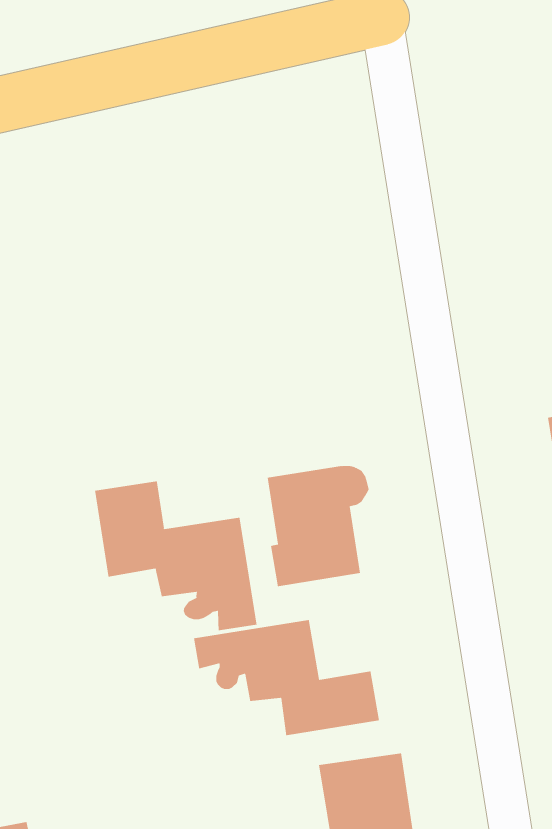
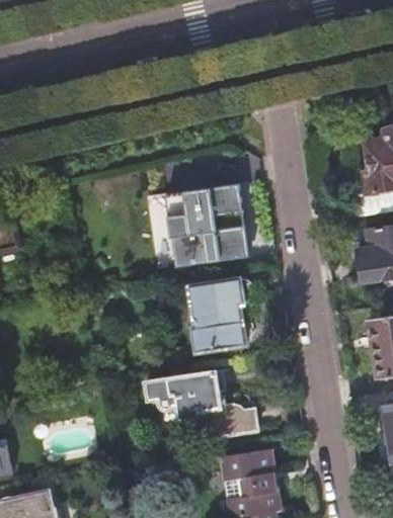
building: none -> [164,183,248,266]
building: [94,481,257,631] -> none

